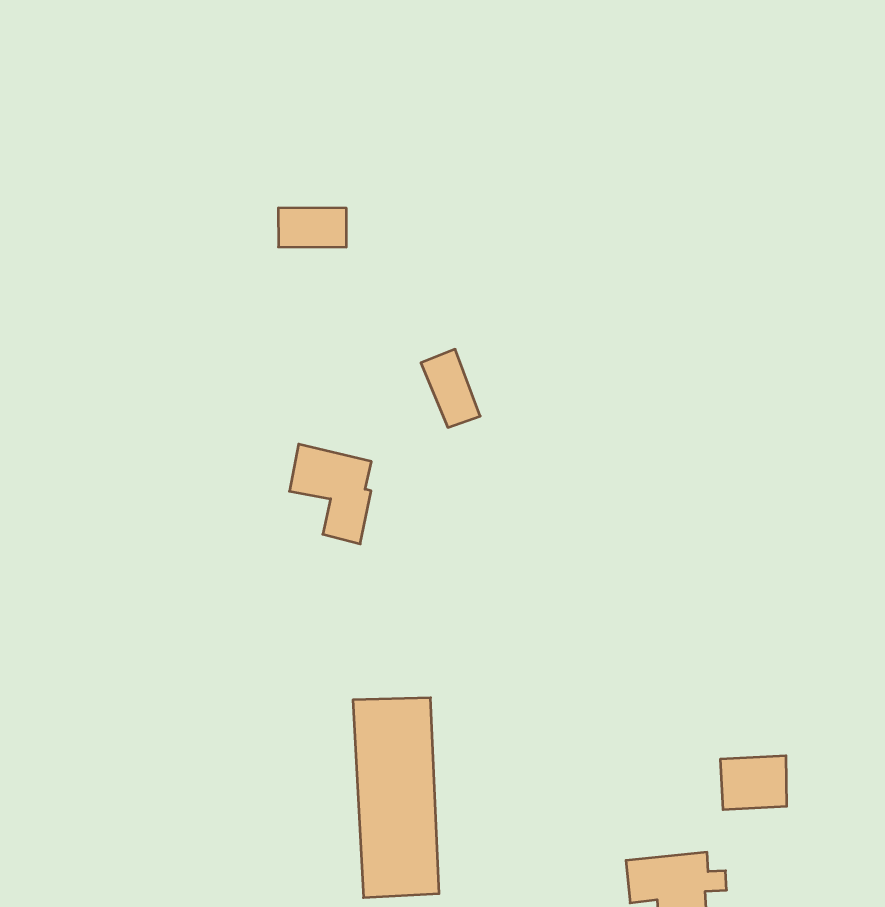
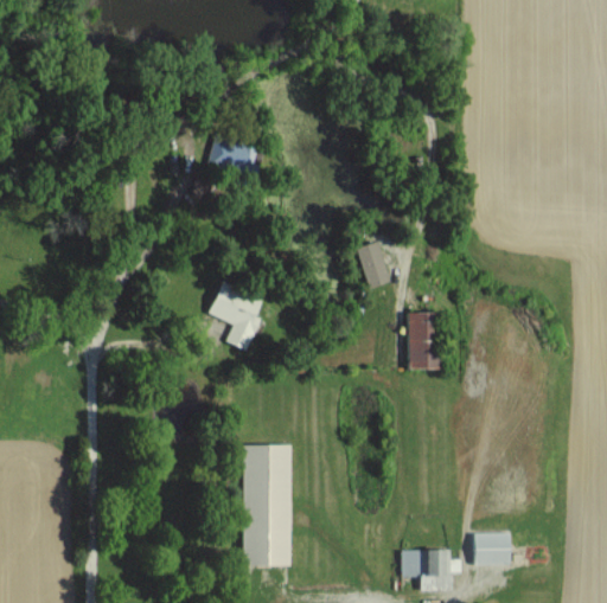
building: [421,349,480,427] -> [356,240,390,288]
building: none -> [408,313,440,370]
building: [720,756,787,810] -> [474,533,515,564]

